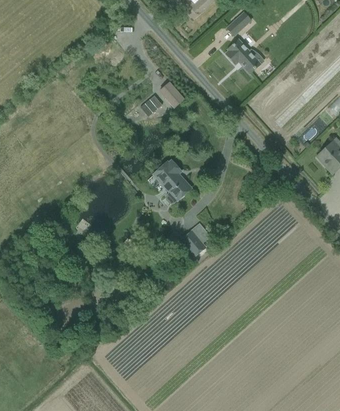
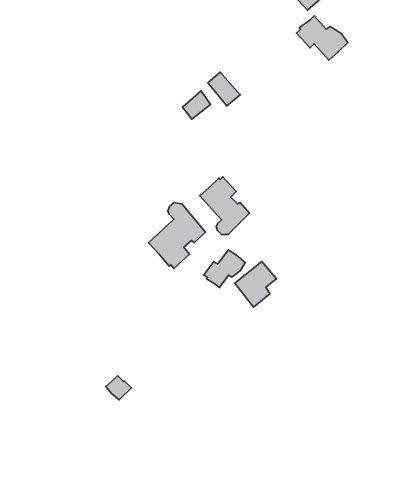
building: none -> [149,203,206,268]
building: none -> [204,250,245,287]

